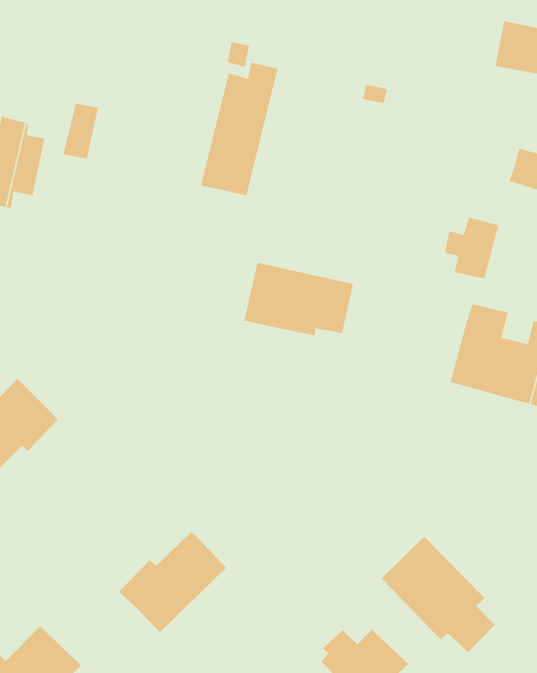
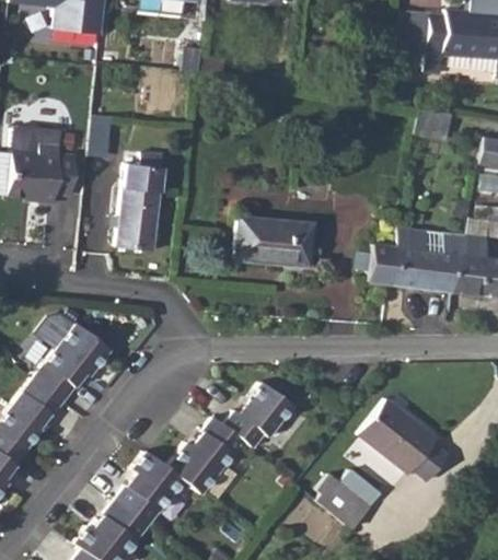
building: [200,62,279,196] -> [117,154,163,252]
building: [444,217,499,279] -> [358,242,395,285]
building: none -> [221,378,289,444]
building: none -> [115,451,184,525]

